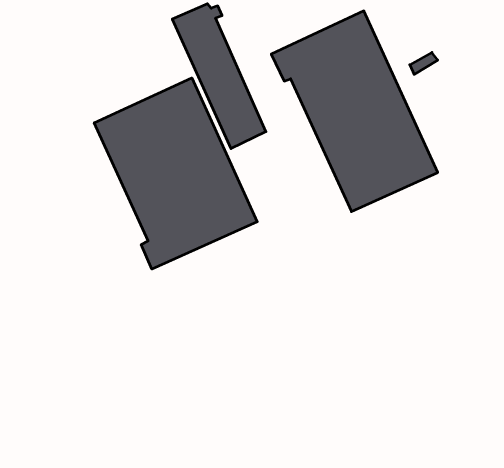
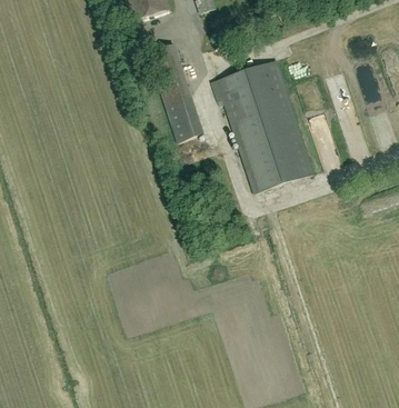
building: [94,78,257,269] -> none

